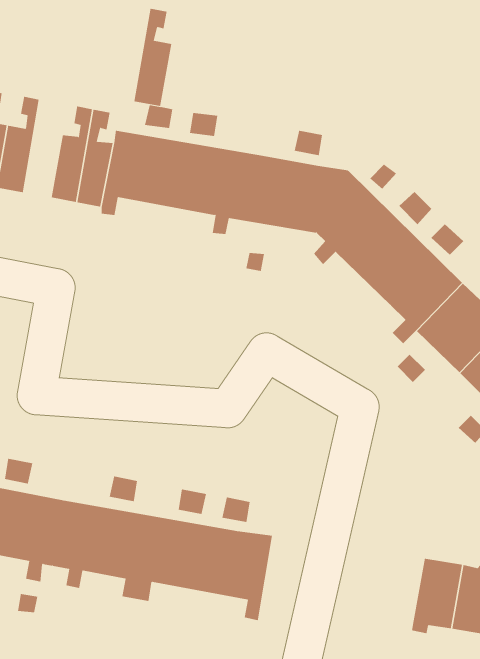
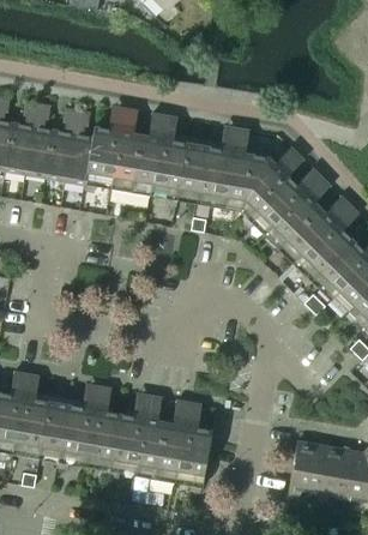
building: [134,8,172,106] -> [26,103,55,176]
building: none -> [289,440,325,497]

